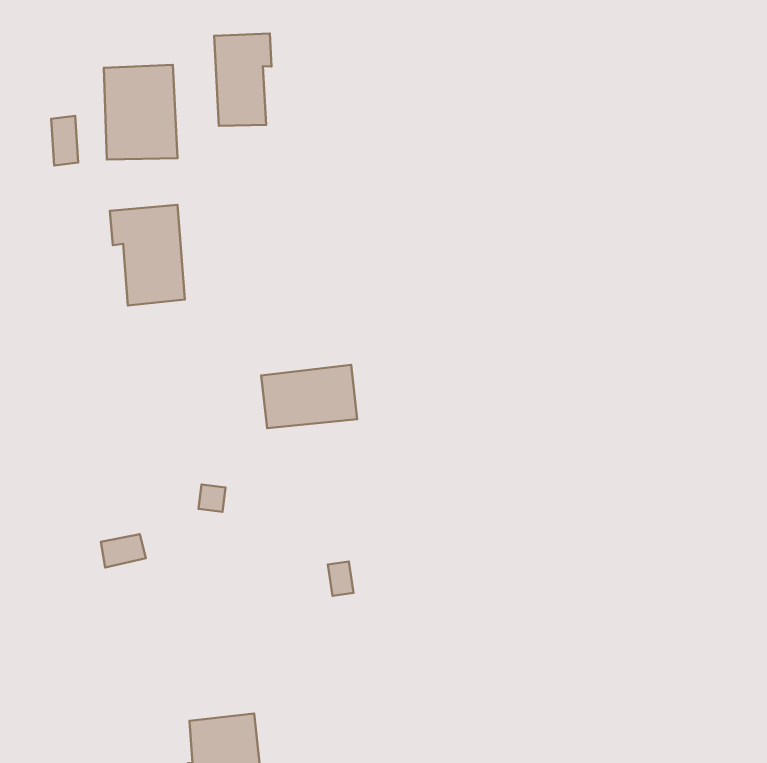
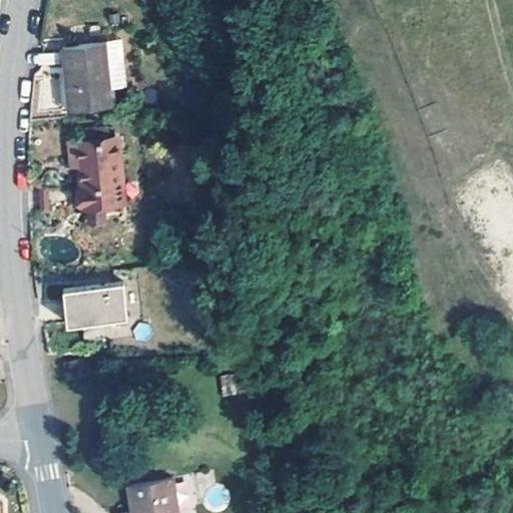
building: [214,34,271,126] -> none
building: [261,365,357,428] -> [60,286,124,328]

